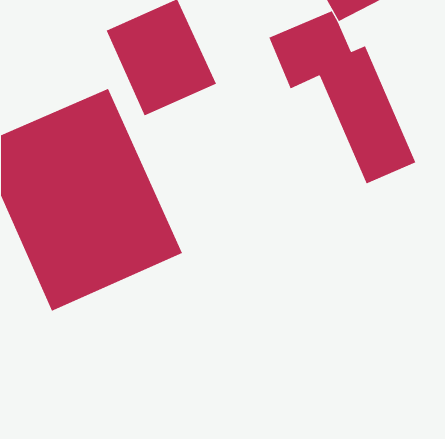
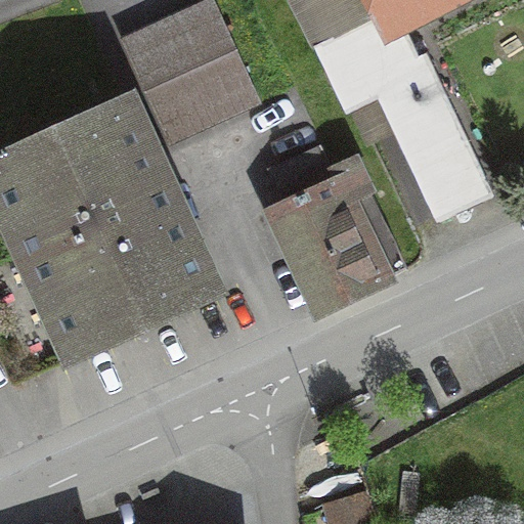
building: none -> [267,143,408,310]

